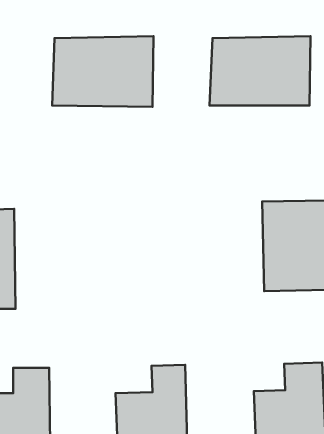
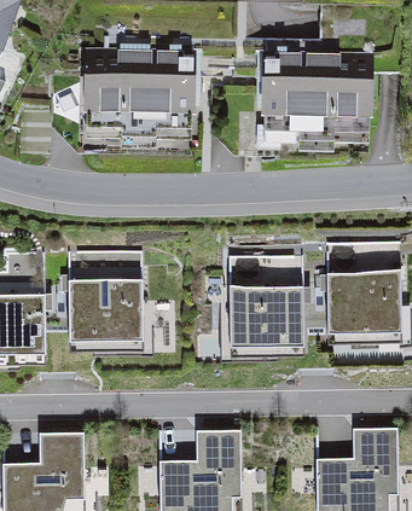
building: none -> [66,250,140,350]
building: none -> [228,255,301,358]

